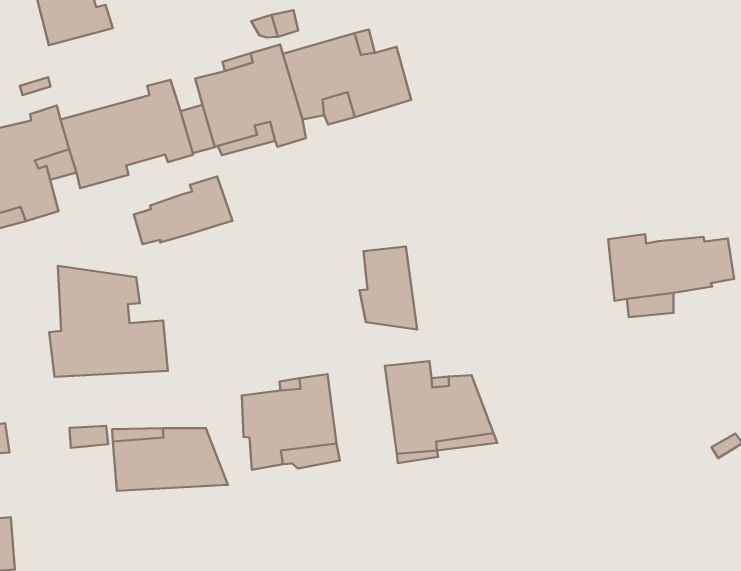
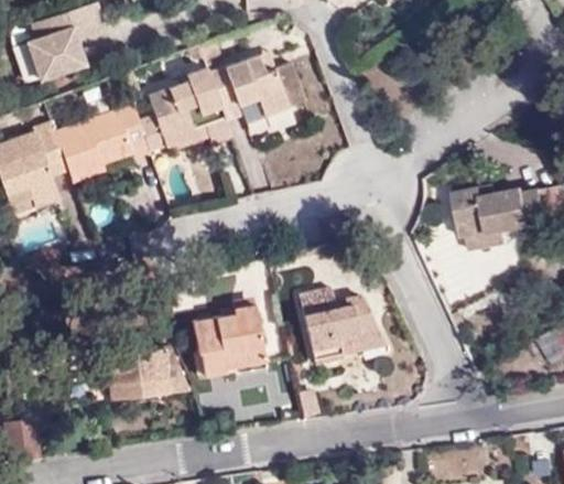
building: [134,176,233,244] -> none
building: [360,246,417,330] -> none
building: [49,266,168,377] -> none

